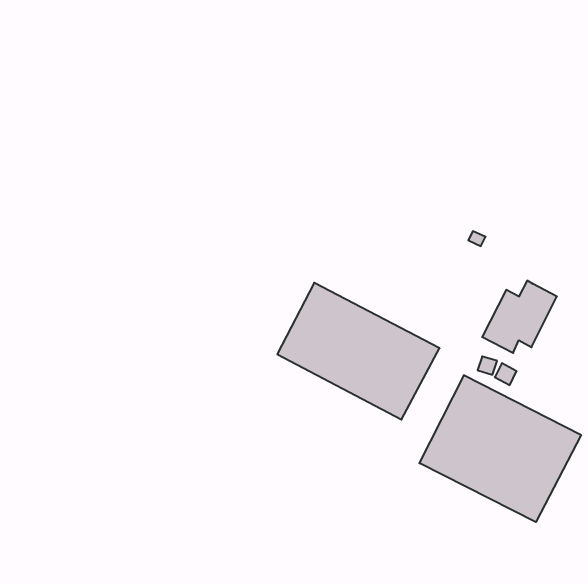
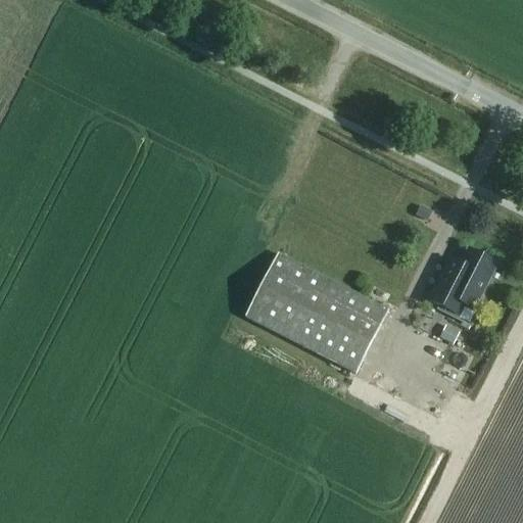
building: [419,375,581,522] -> none

